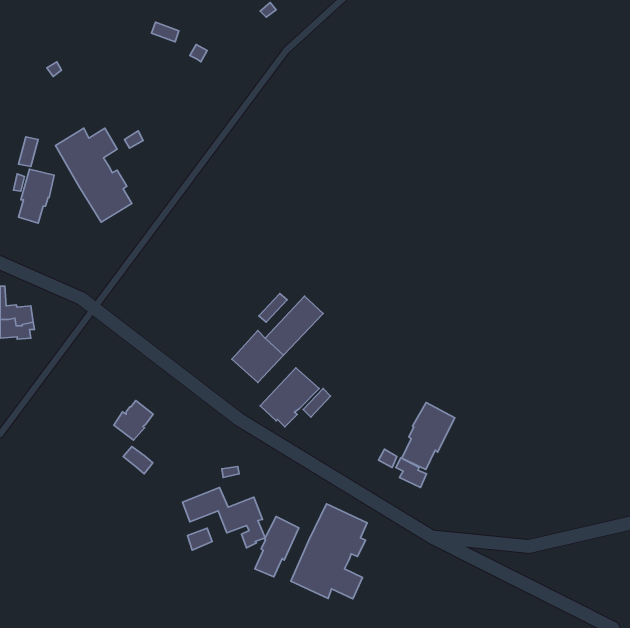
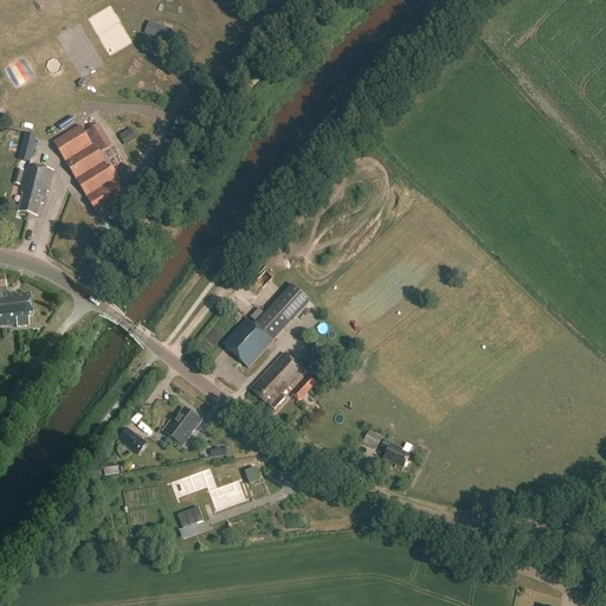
building: [114,401,153,440] -> [163,407,201,445]
building: [402,402,455,469] -> none
building: [291,504,367,599] -> none
building: [255,517,299,577] -> none

